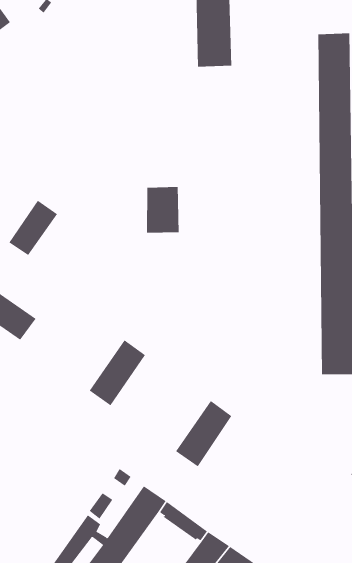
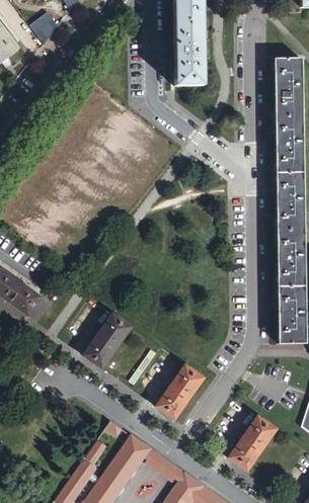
building: [147,186,179,233] -> none
building: [8,200,58,256] -> none
building: none -> [227,414,276,470]

